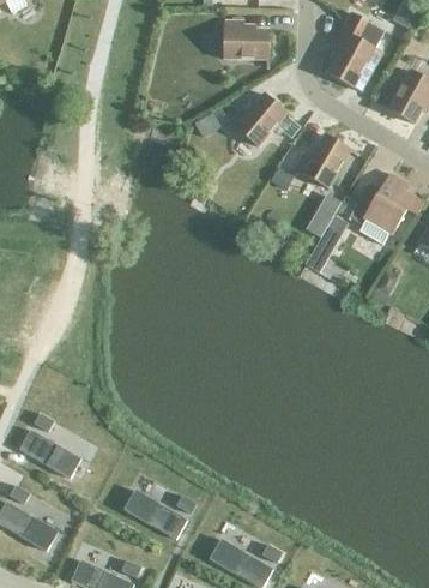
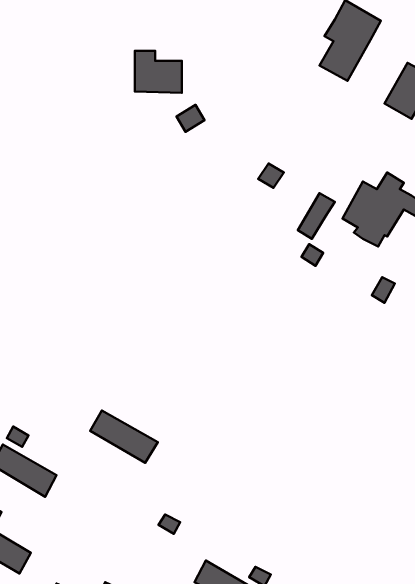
building: [224,19,268,59] -> [135,51,182,93]
building: [229,92,286,145] -> none
building: [295,133,350,186] -> none
building: [123,488,187,538] -> [90,410,158,463]

